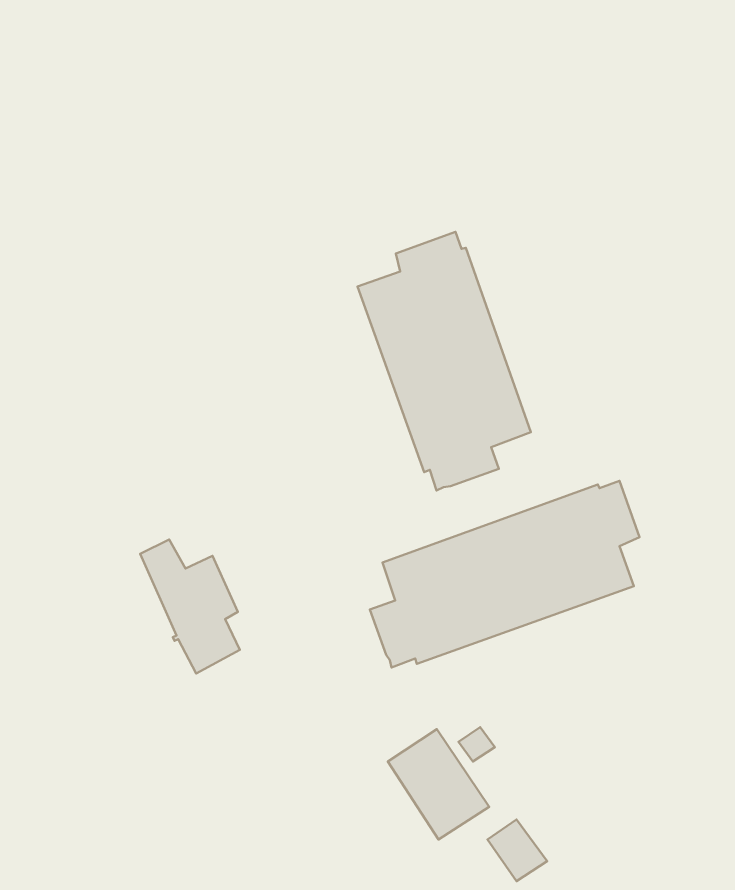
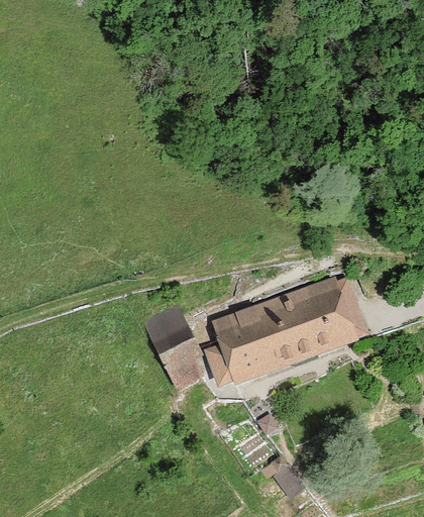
building: [358,232,531,490] -> none
building: [140,539,240,673] -> [145,312,201,387]

